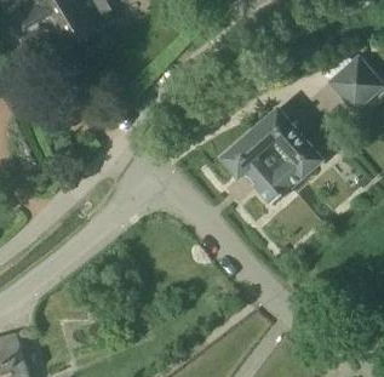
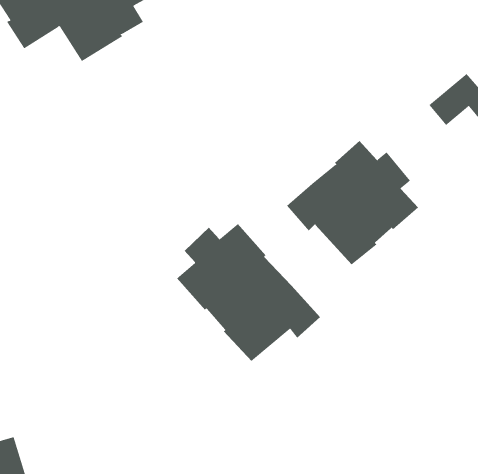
building: none -> [176,223,321,362]

